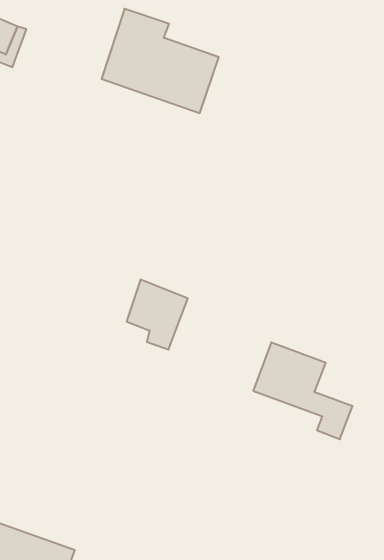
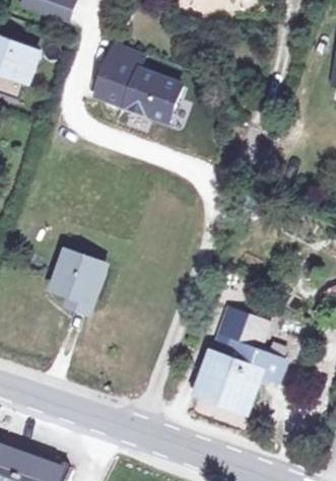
building: [127,280,188,350] -> [49,252,97,307]
building: none -> [188,343,266,424]

